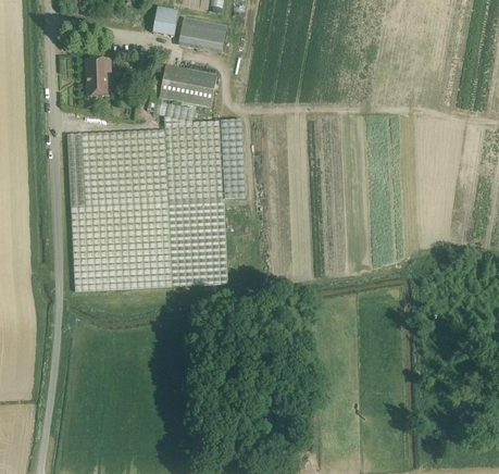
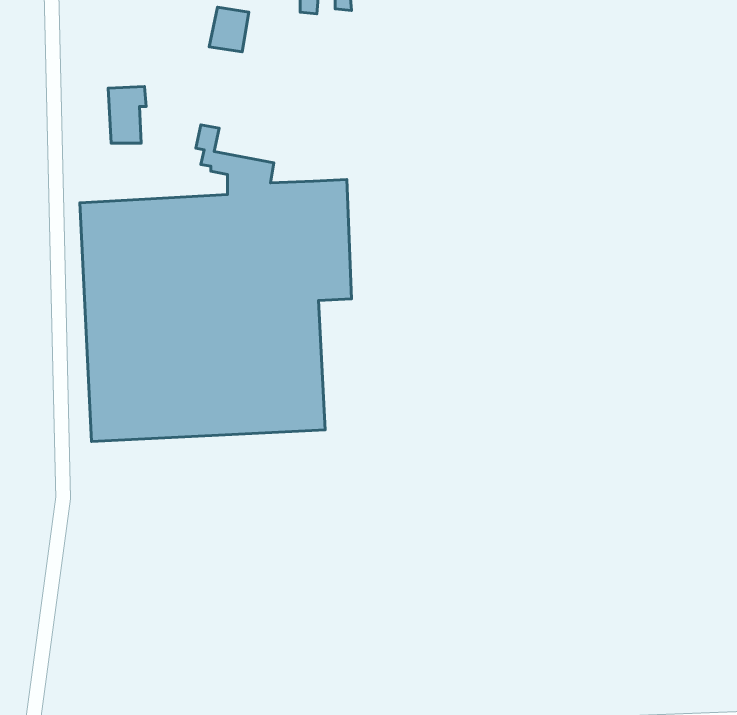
building: [178,16,226,49] -> none
building: [160,63,217,108] -> none

